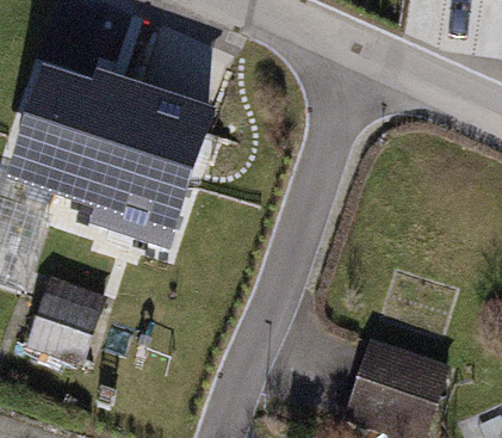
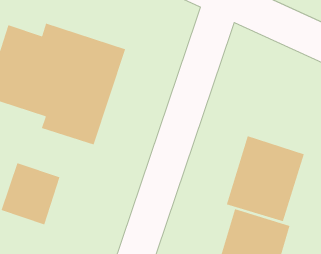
building: none -> [226,135,305,222]

